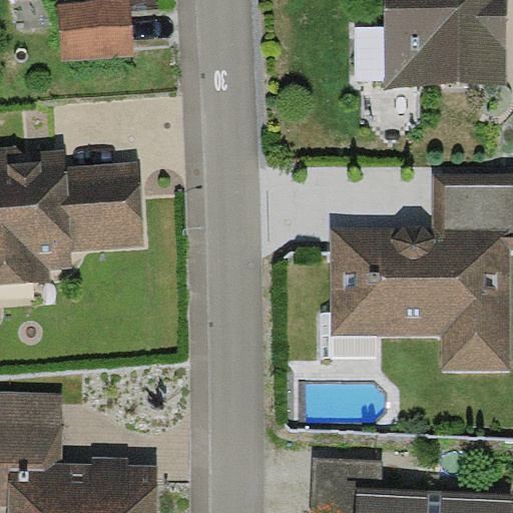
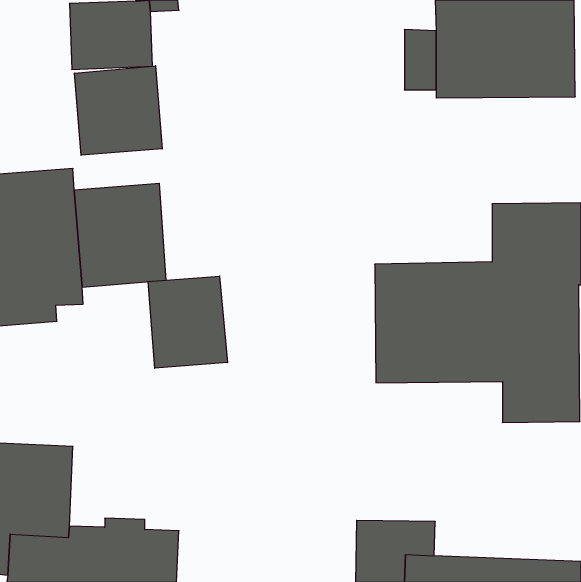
building: none -> [75,66,162,155]
building: none -> [148,276,227,368]

